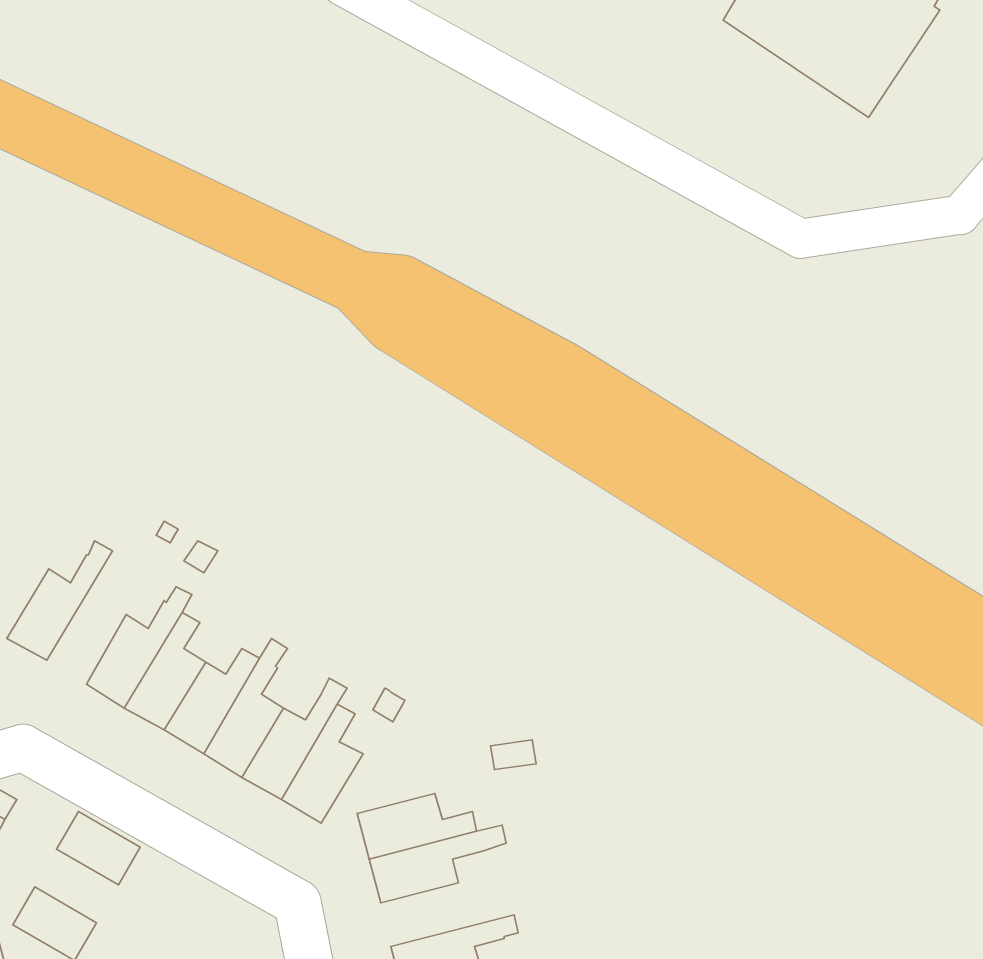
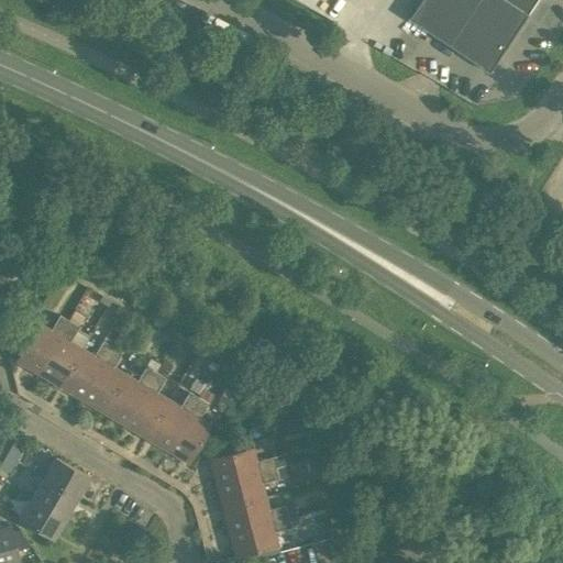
building: none -> [37,313,82,387]
building: none -> [31,478,77,519]
building: none -> [222,497,296,532]

